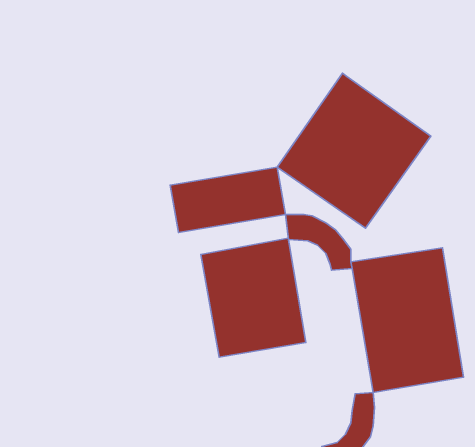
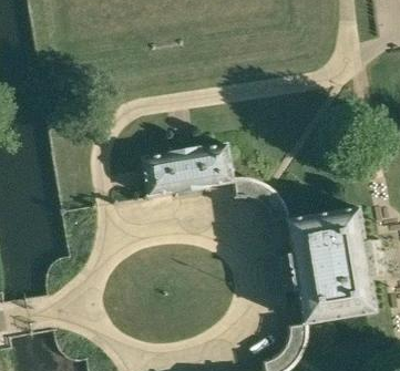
building: [277,73,431,228] -> none
building: [201,238,306,357] -> none

